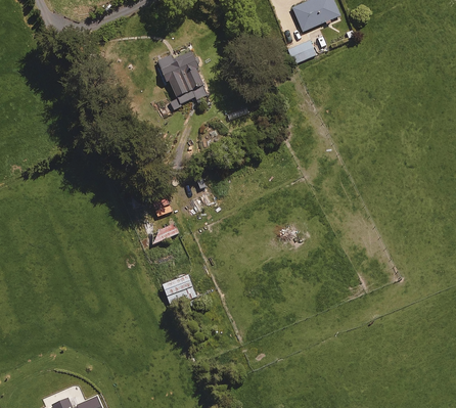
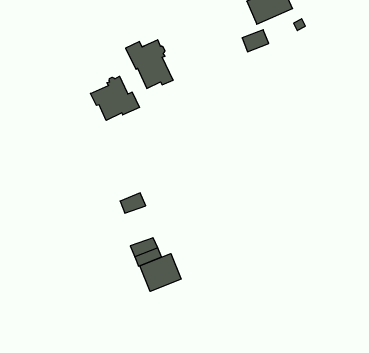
building: none -> [90,76,139,120]
building: none -> [140,254,181,291]

